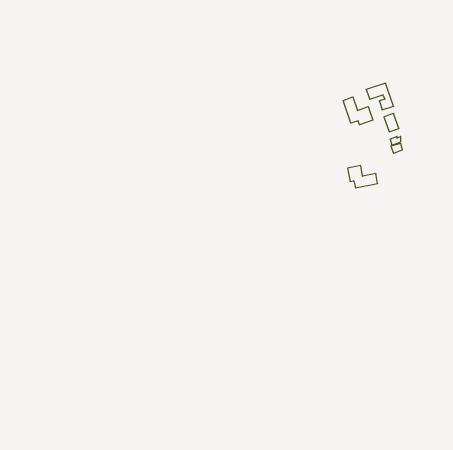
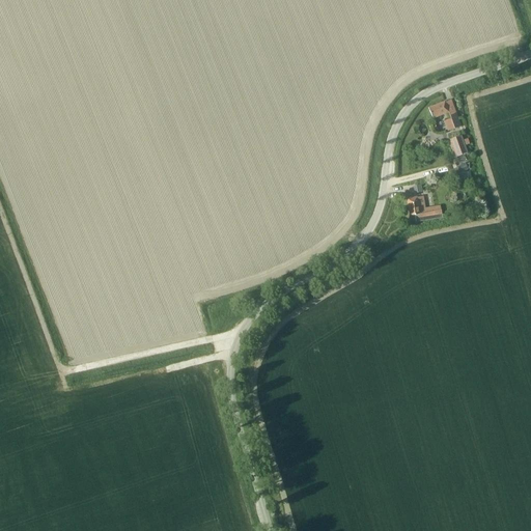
building: [343,97,373,125] -> none

